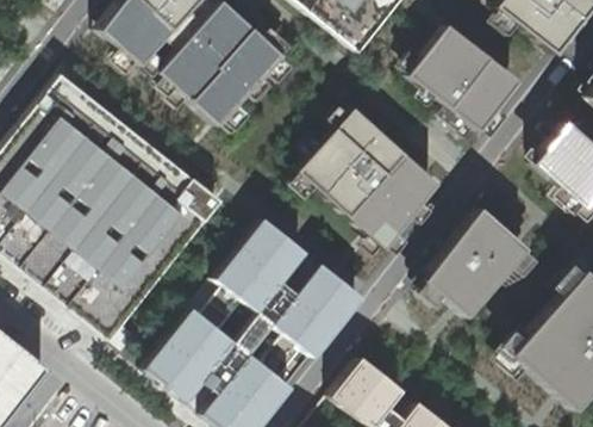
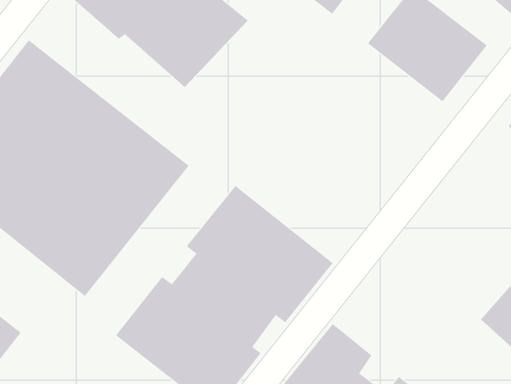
building: [300,110,442,249] -> none
building: [424,206,529,317] -> none

